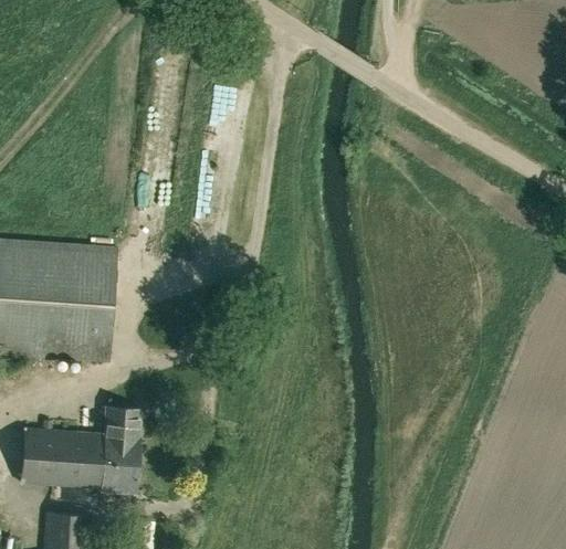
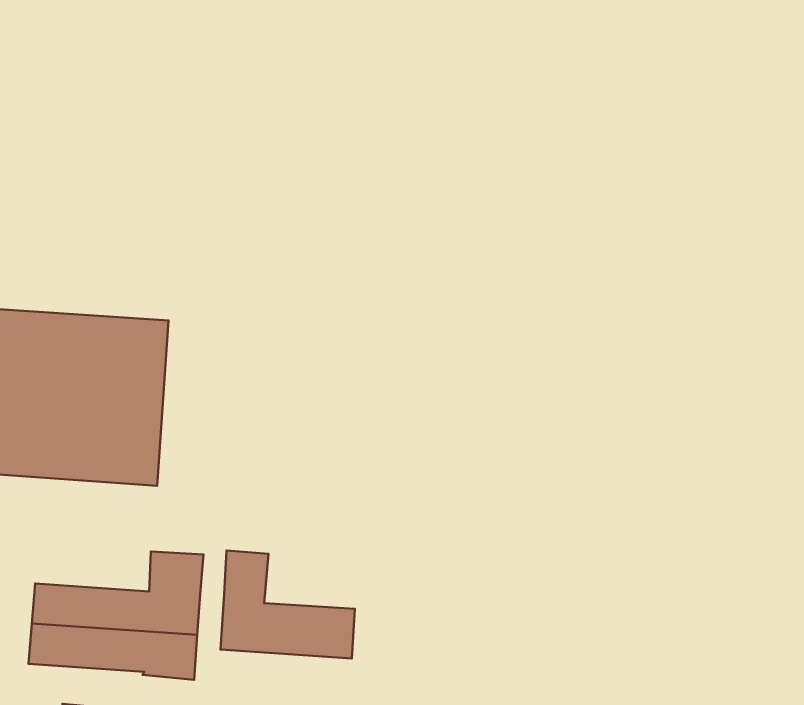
building: none -> [221,550,355,658]

